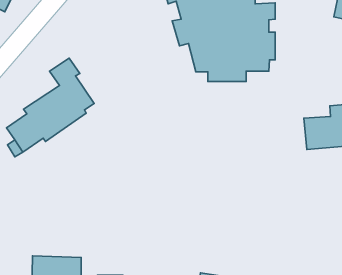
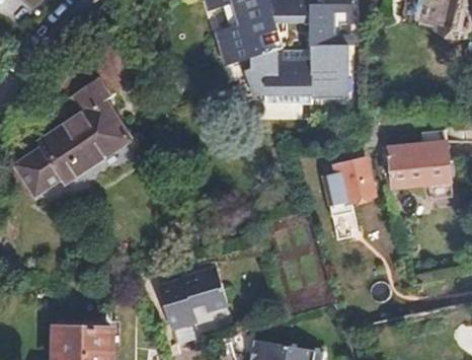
building: none -> [323,154,376,202]
building: none -> [156,261,229,329]

